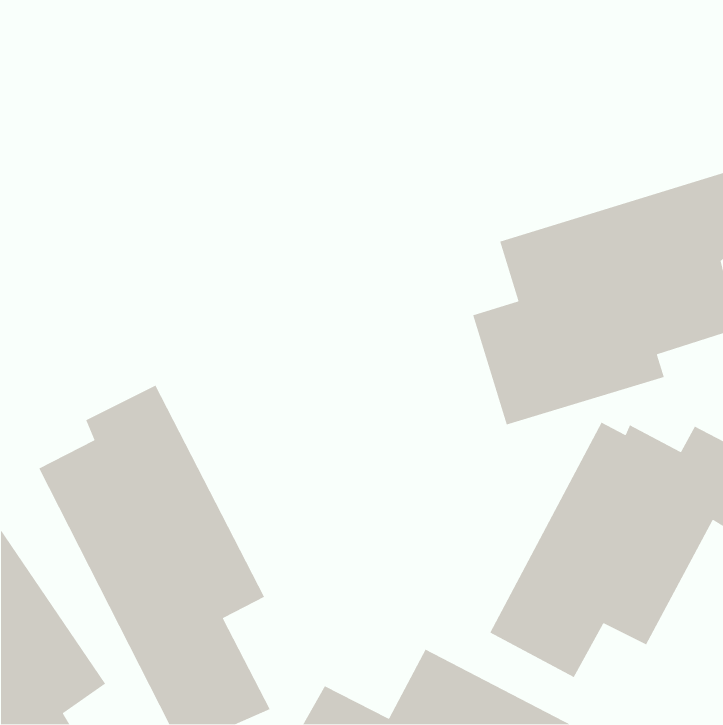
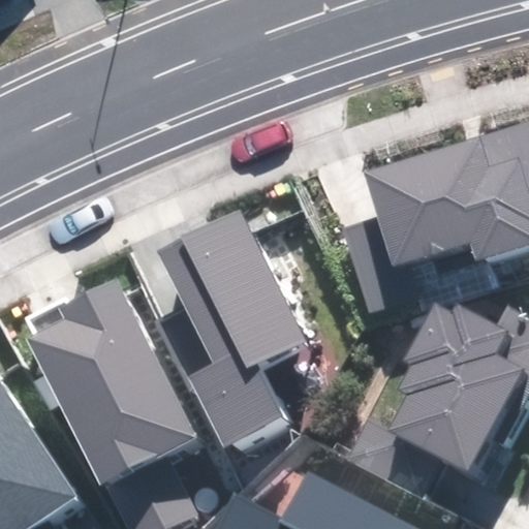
building: none -> [160,212,303,442]

